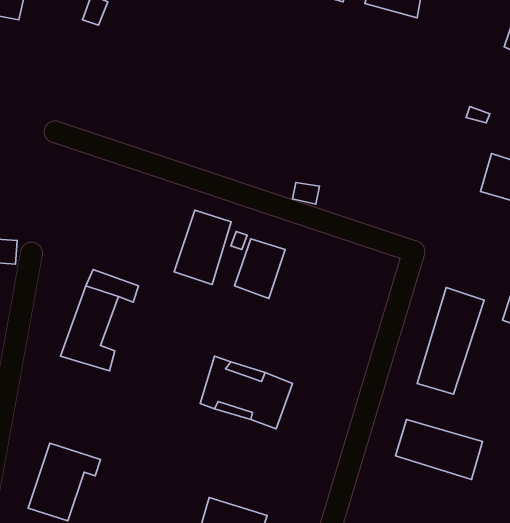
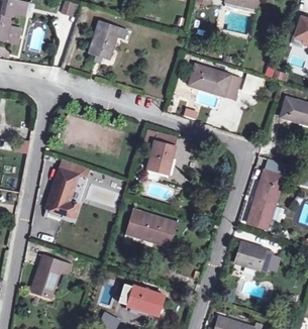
building: none -> [90,24,130,62]
building: none -> [190,64,243,98]
building: [174,210,231,285] -> none

